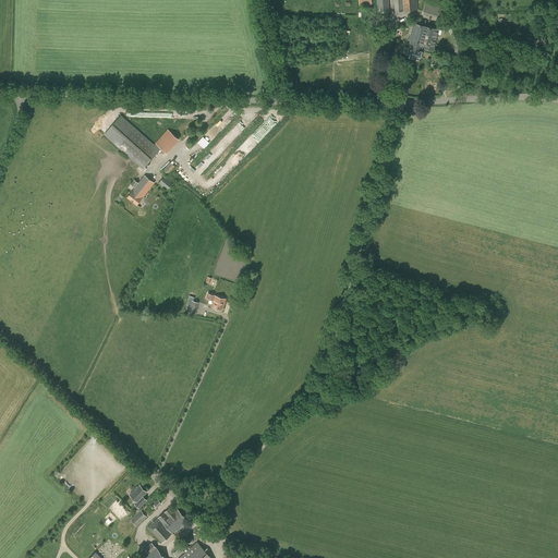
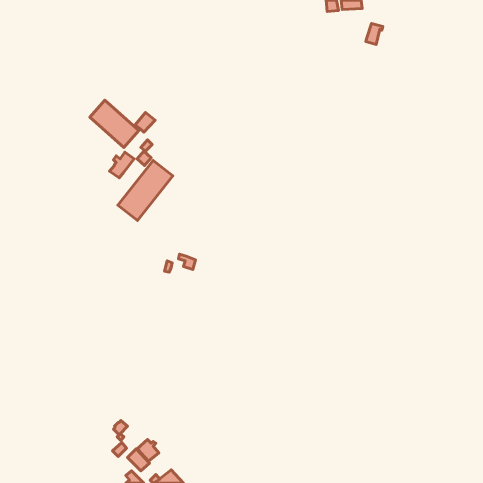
building: [403,23,428,58] -> none
building: none -> [118,160,173,221]

